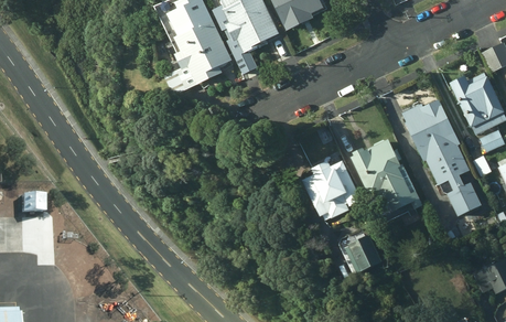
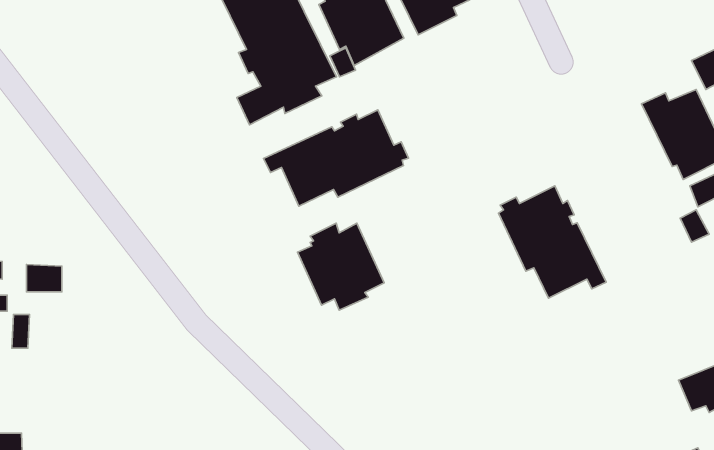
building: none -> [263,110,408,206]
building: [398,97,477,214] -> none
building: [302,157,362,216] -> [297,223,384,310]
building: [345,227,384,272] -> none

